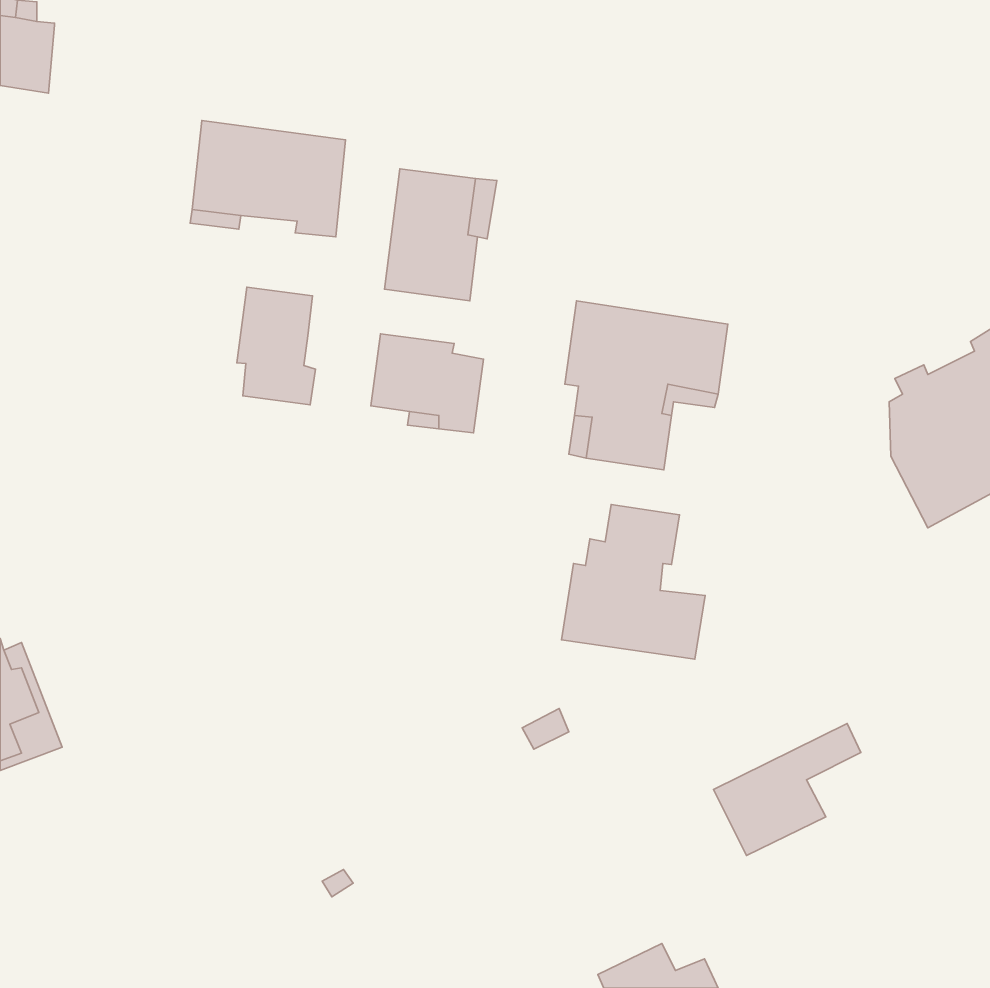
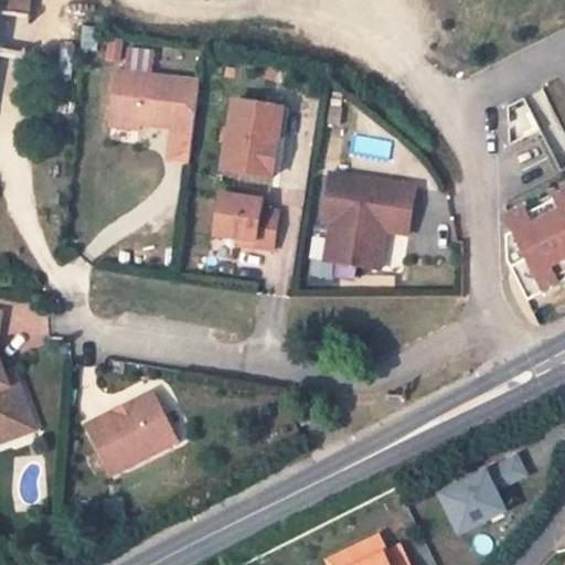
building: [237,287,316,405] -> none
building: [561,504,705,659] -> none
building: none -> [86,392,178,476]
building: [713,724,861,855] -> [445,459,529,534]

